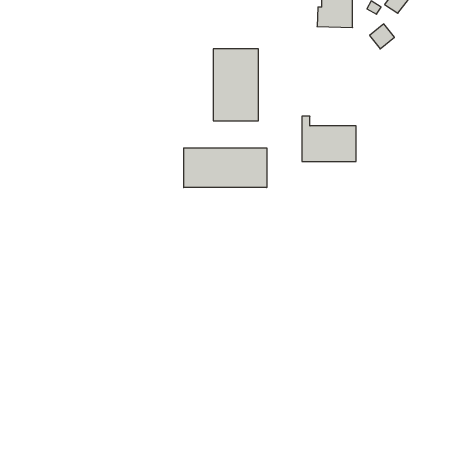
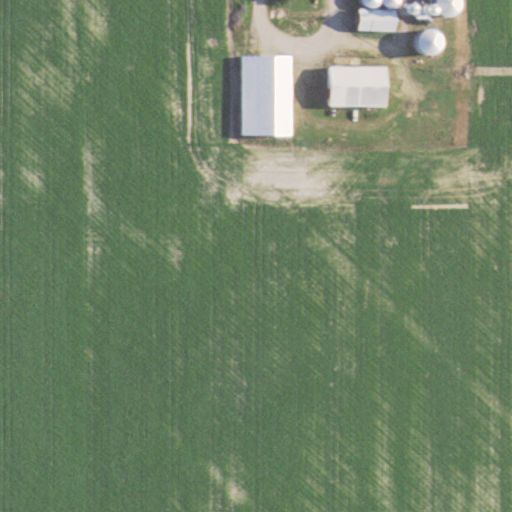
building: [302,116,356,161] -> [327,55,388,106]
building: [184,148,267,188] -> none

